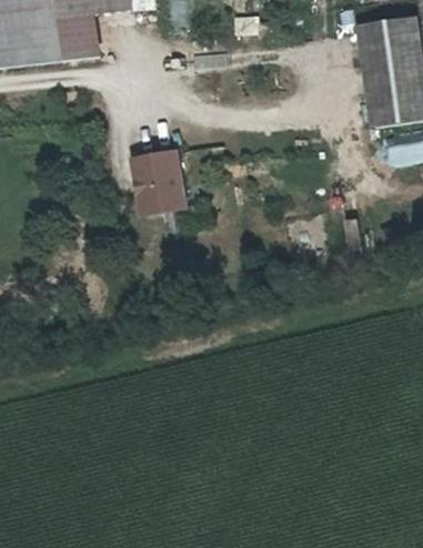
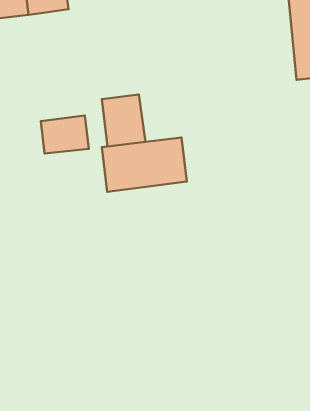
building: none -> [41,116,89,154]
building: none -> [102,138,187,192]

